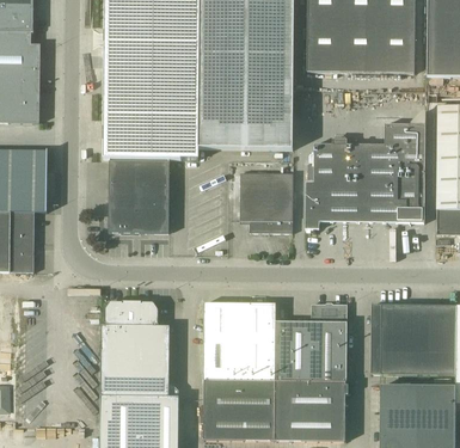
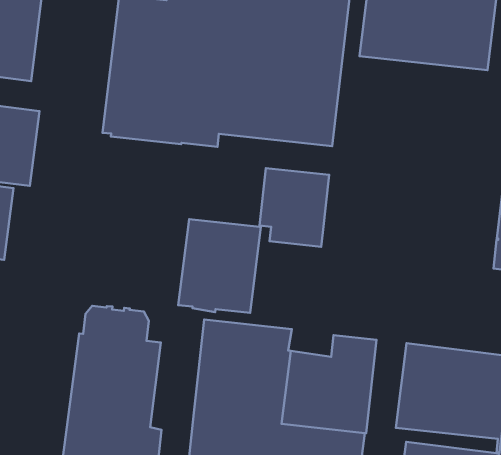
building: [305,123,425,228] -> none
building: [109,160,170,234] -> [178,219,261,313]

